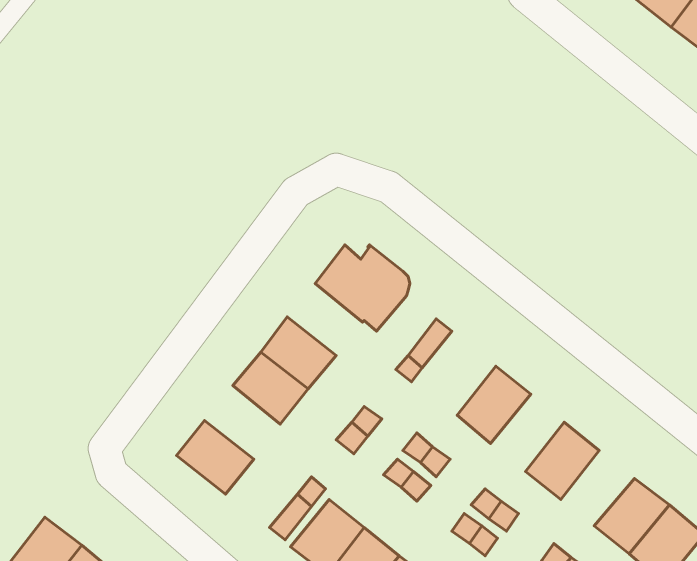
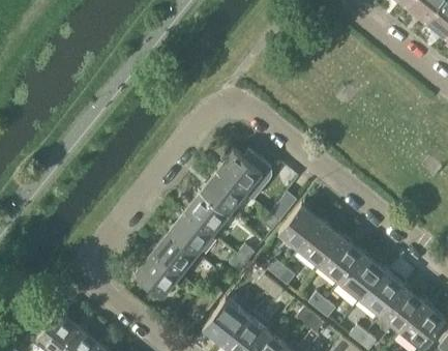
building: none -> [200,173,244,215]
building: none -> [278,204,323,251]
building: none -> [151,233,196,276]
building: none -> [320,238,363,284]
building: none -> [361,271,405,316]

